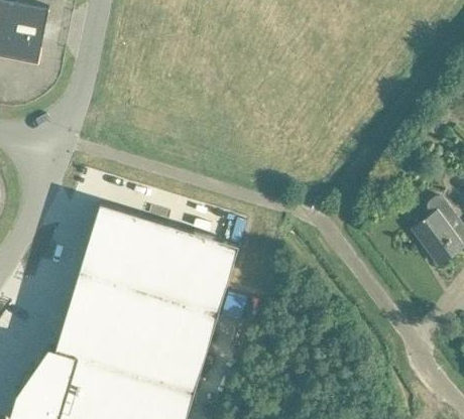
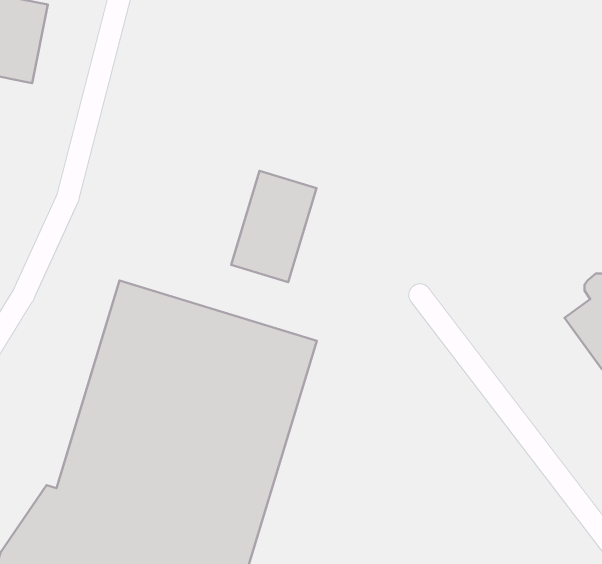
building: none -> [231,171,317,282]

